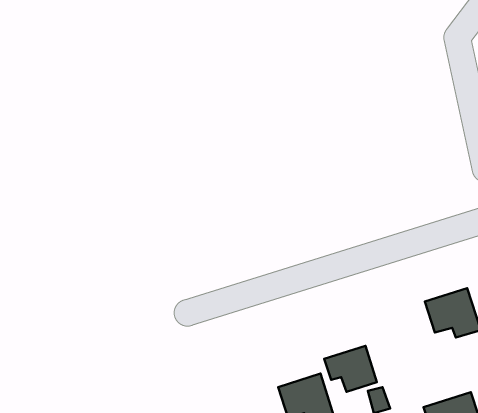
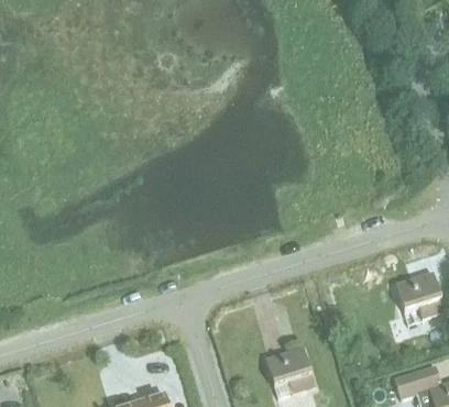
building: [324,346,377,392] -> none

